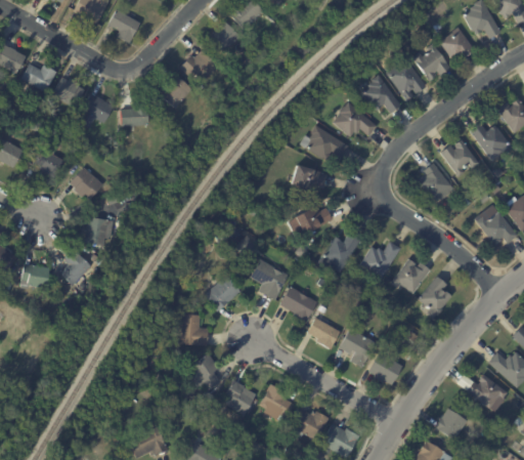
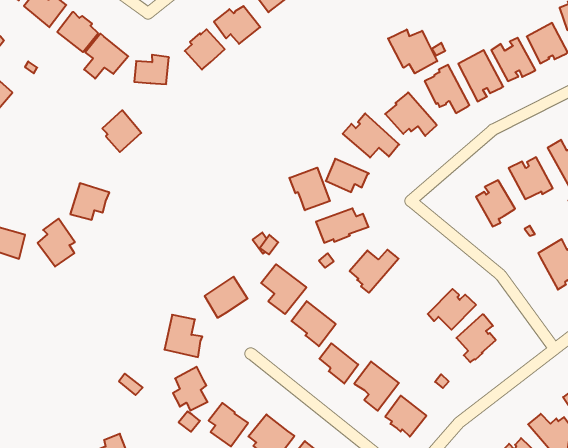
building: none -> [388,29,437,73]
building: [31,142,63,177] -> none
building: [69,167,101,202] -> [102,110,141,152]
building: none -> [289,168,330,210]
building: [358,242,400,282] -> none

